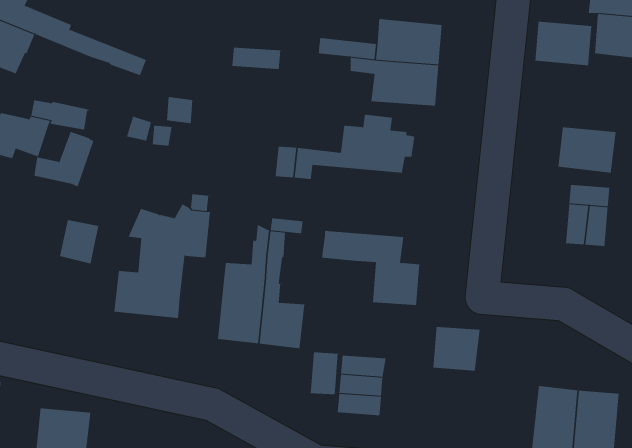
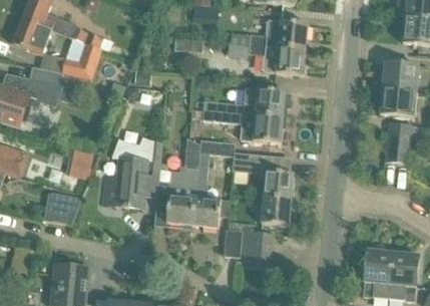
building: [535,21,592,66] -> [383,62,419,90]
building: [33,131,94,187] -> [63,43,101,78]
building: none -> [226,111,283,142]
building: none -> [44,192,81,224]
building: [433,326,480,371] -> [262,198,292,226]

